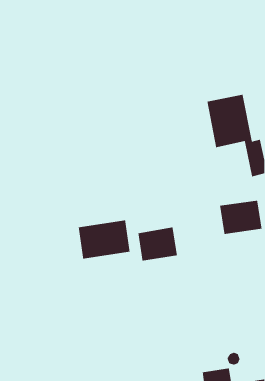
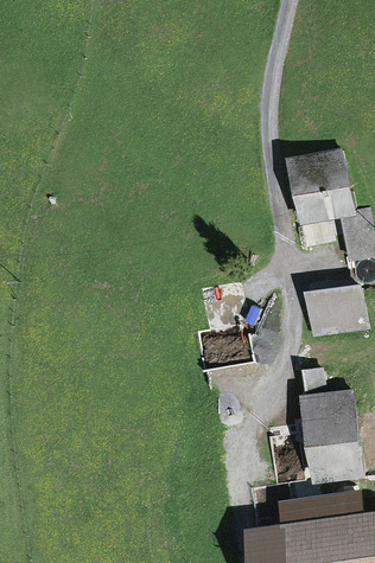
building: [78,219,131,260] -> none
building: none -> [300,376,361,480]

